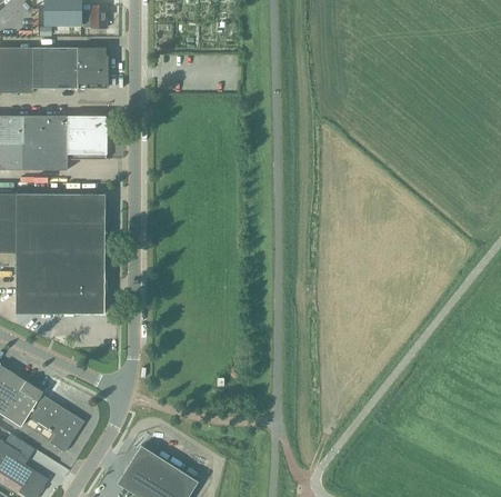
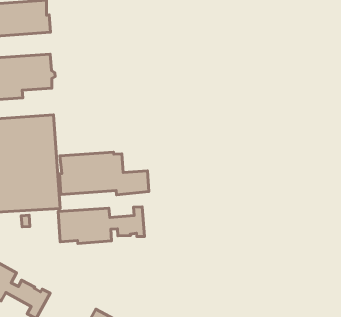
building: none -> [59,152,149,195]
building: none -> [58,207,144,244]

